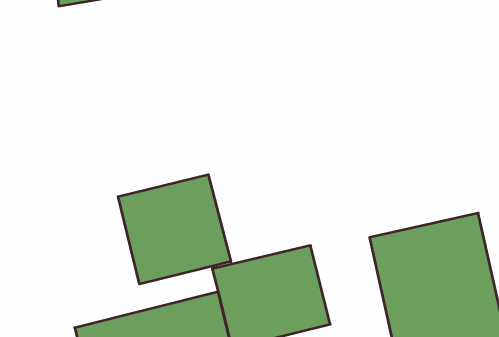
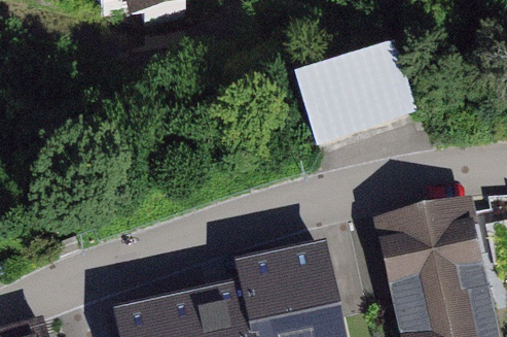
building: none -> [295,47,419,146]
building: [118,175,231,284] -> none

